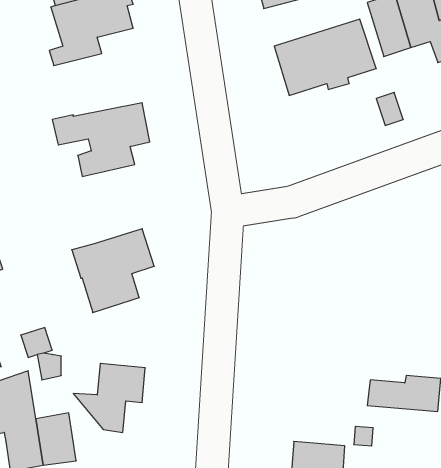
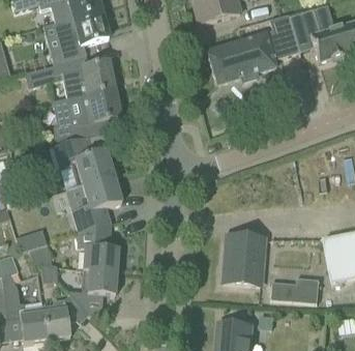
building: none -> [24,55,114,98]
building: none -> [53,133,121,186]
building: none -> [77,226,119,272]
building: none -> [221,234,266,285]

